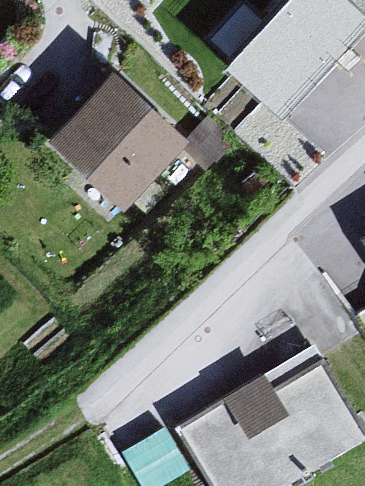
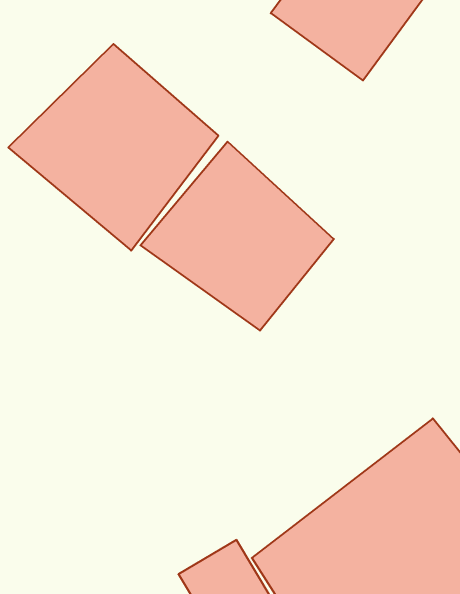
building: none -> [140,142,334,331]

